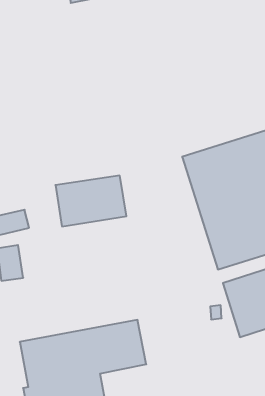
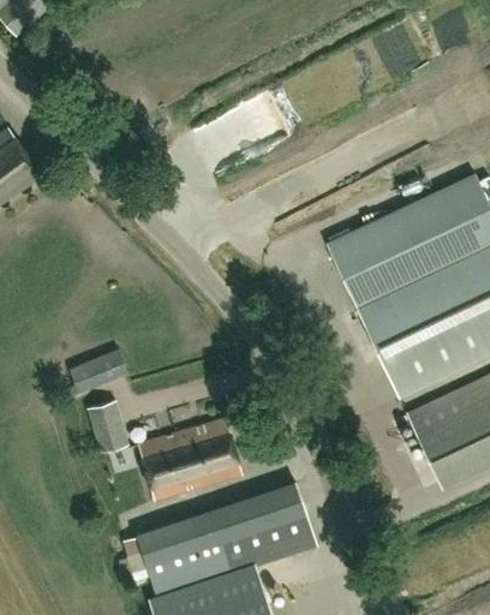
building: [55,176,126,226] -> [137,419,241,501]

